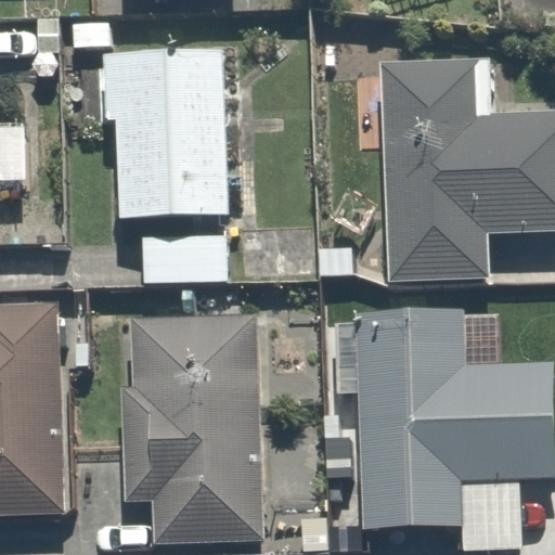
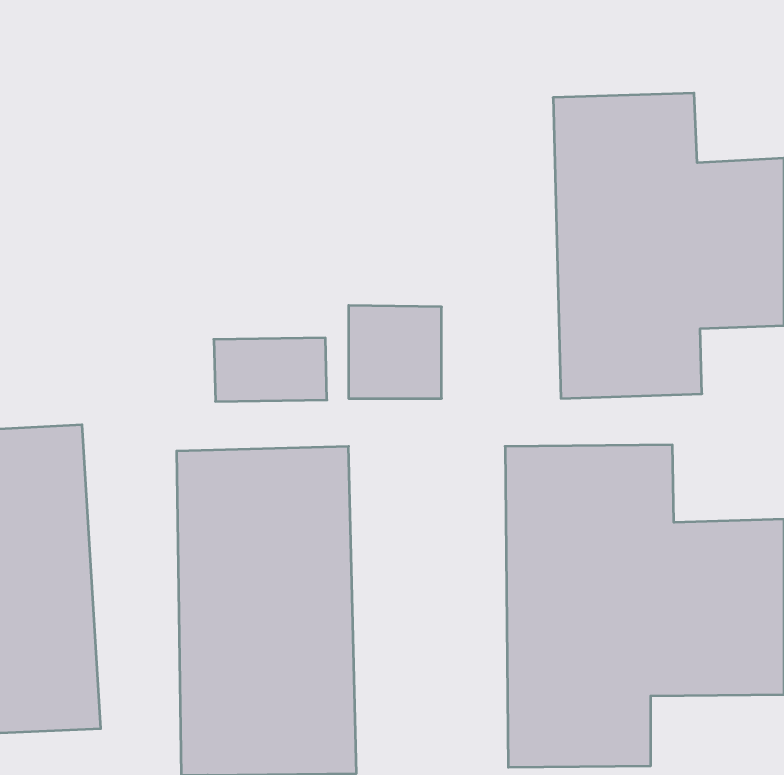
building: [121,57,230,221] -> none

